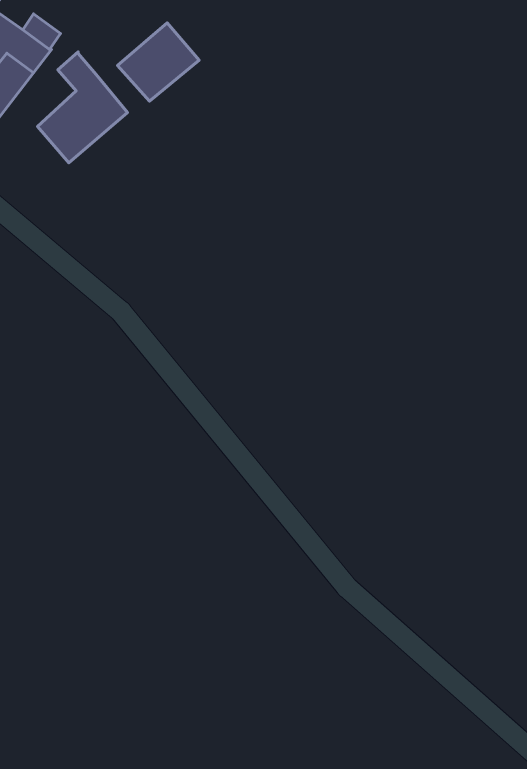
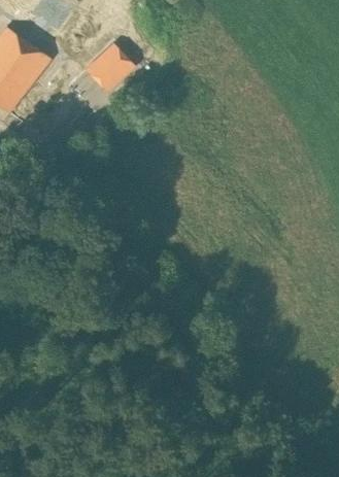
building: [38,52,127,163] -> none

